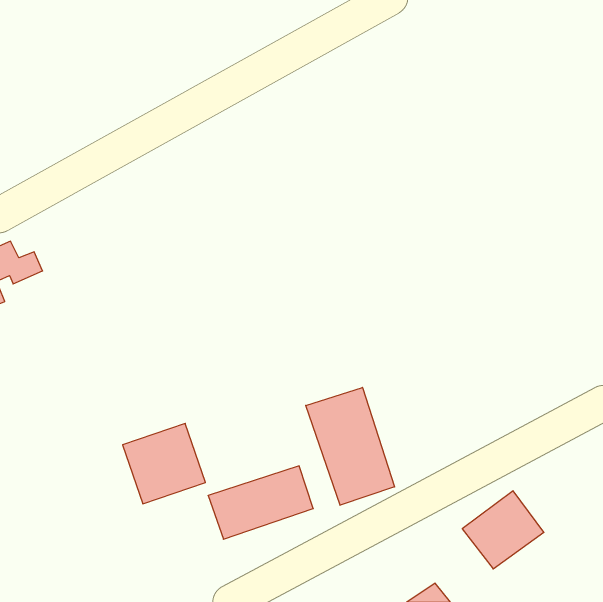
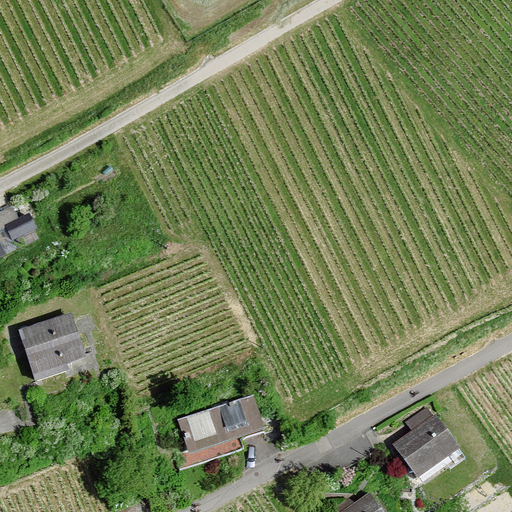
building: [306,387,395,505] -> none
building: [123,423,205,504] -> [18,313,88,381]

